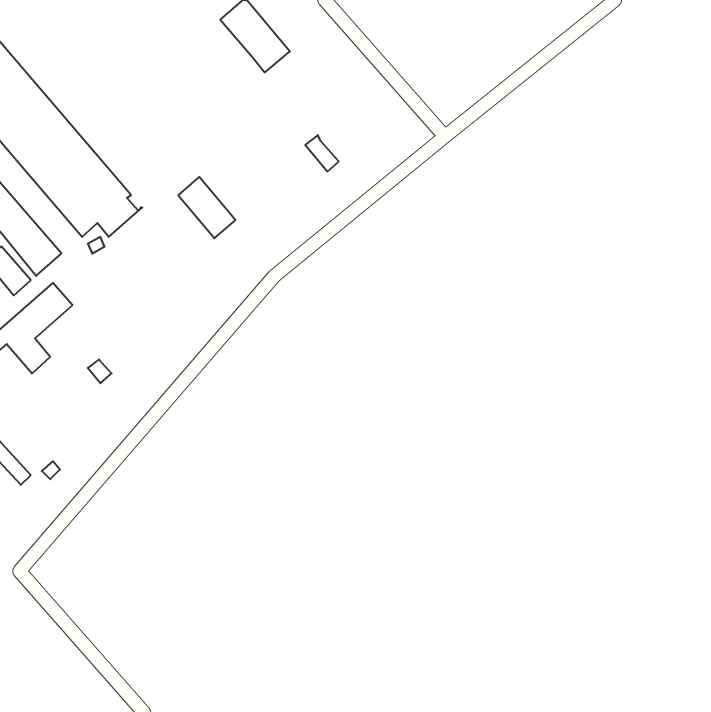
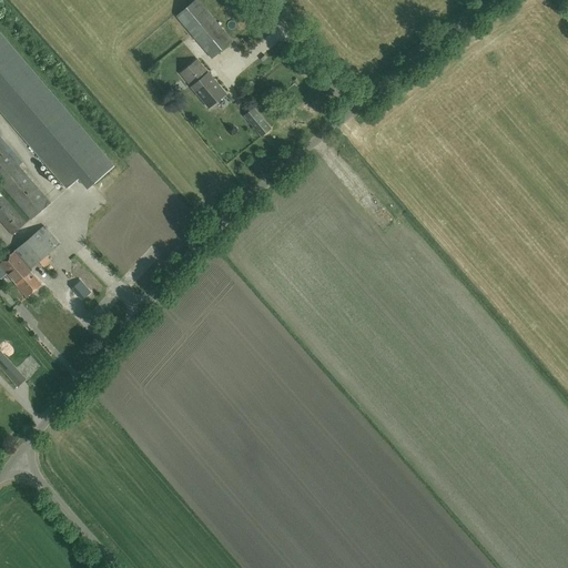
building: [178,177,235,238] -> [179,59,224,108]

